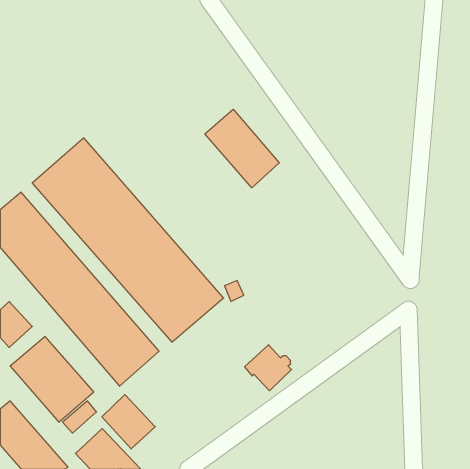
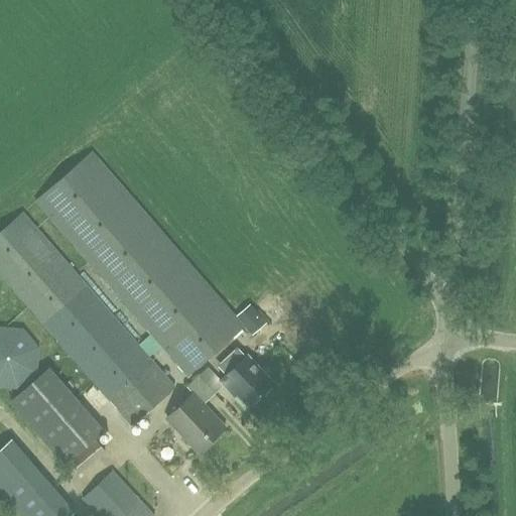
building: [205,109,279,188] -> none
building: [245,345,292,391] -> [222,355,273,405]
building: [102,395,155,449] -> [167,392,226,452]

